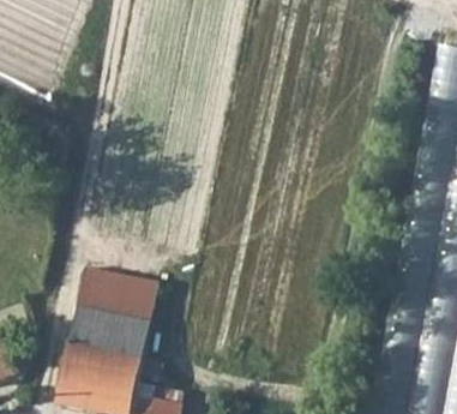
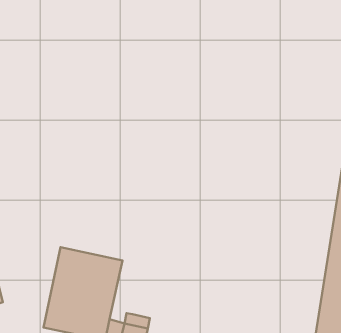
building: [79,268,161,324] -> none

